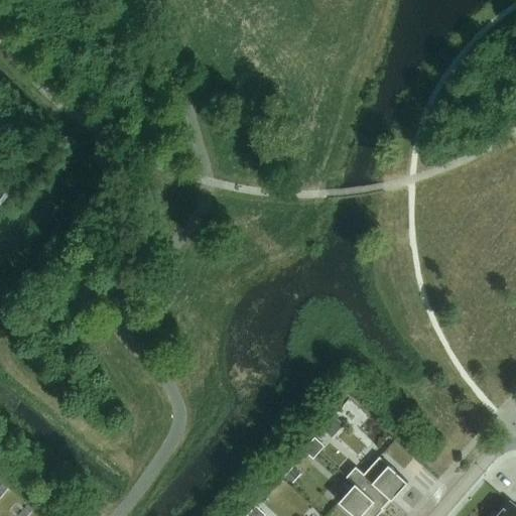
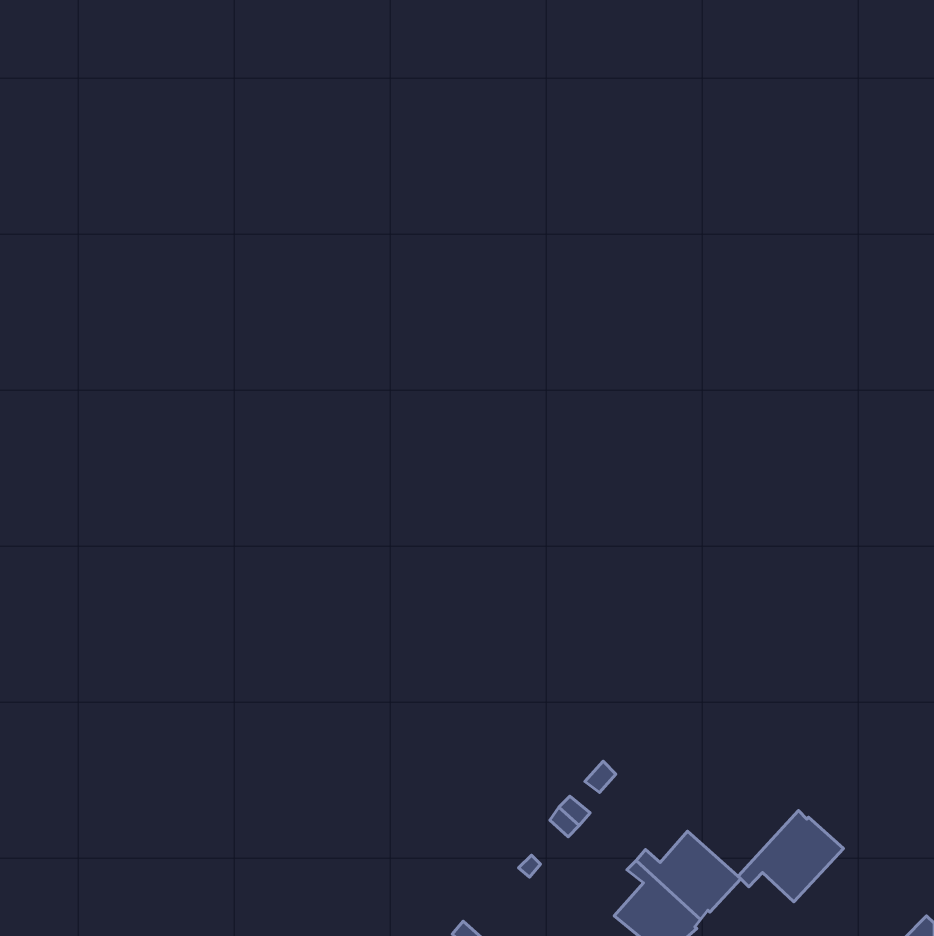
building: none -> [738,811,844,902]

